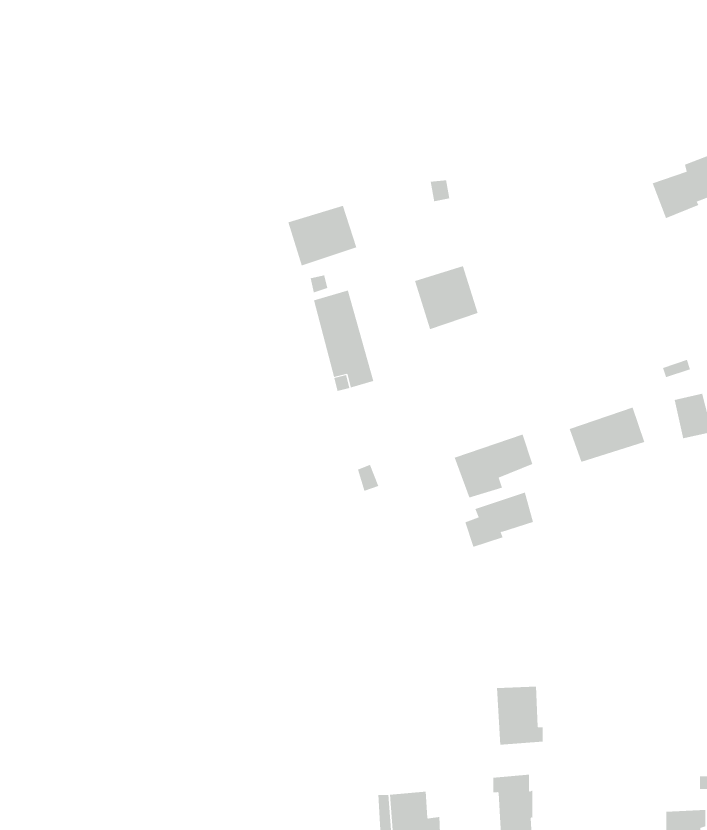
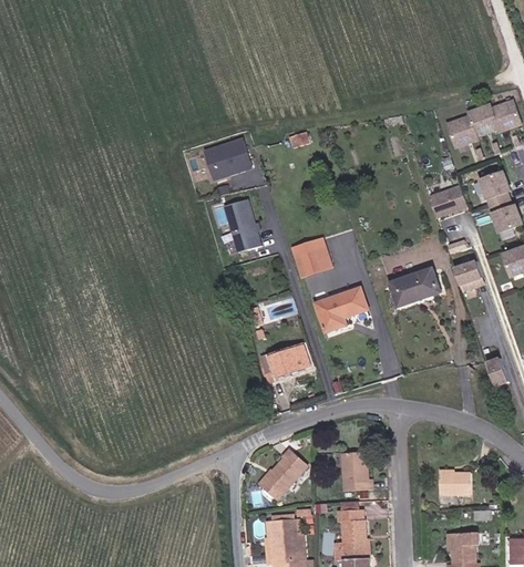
building: [414,266,479,330] -> [294,236,336,278]
building: none -> [428,184,466,216]
building: [464,492,534,548] -> [265,344,310,381]
building: none -> [263,453,307,499]
building: none -> [440,474,470,495]

